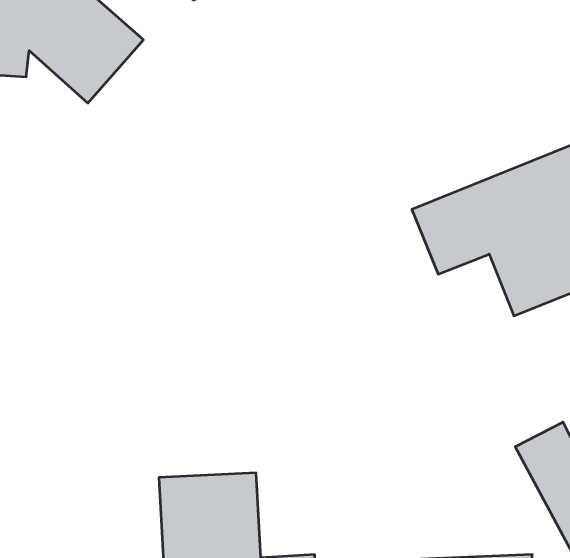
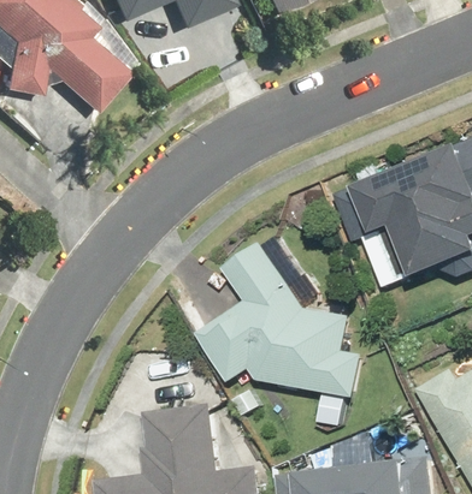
building: none -> [199,238,365,400]

